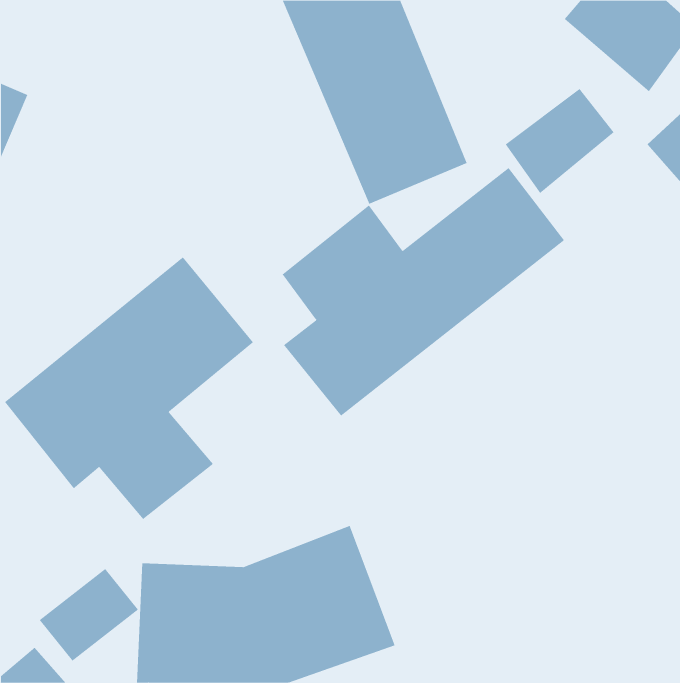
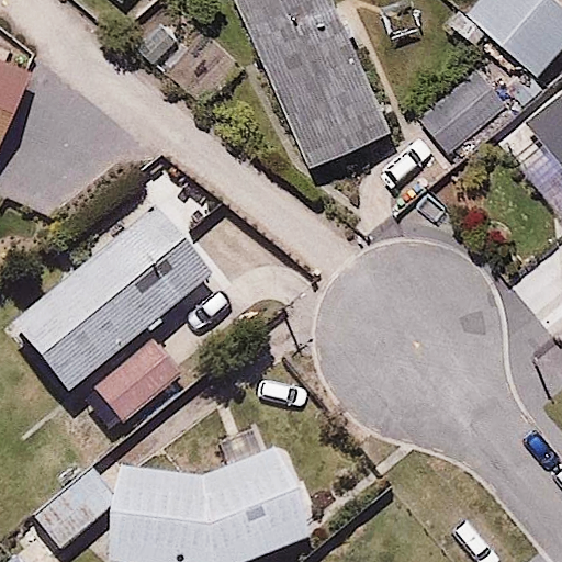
building: [282,167,565,417] -> none

